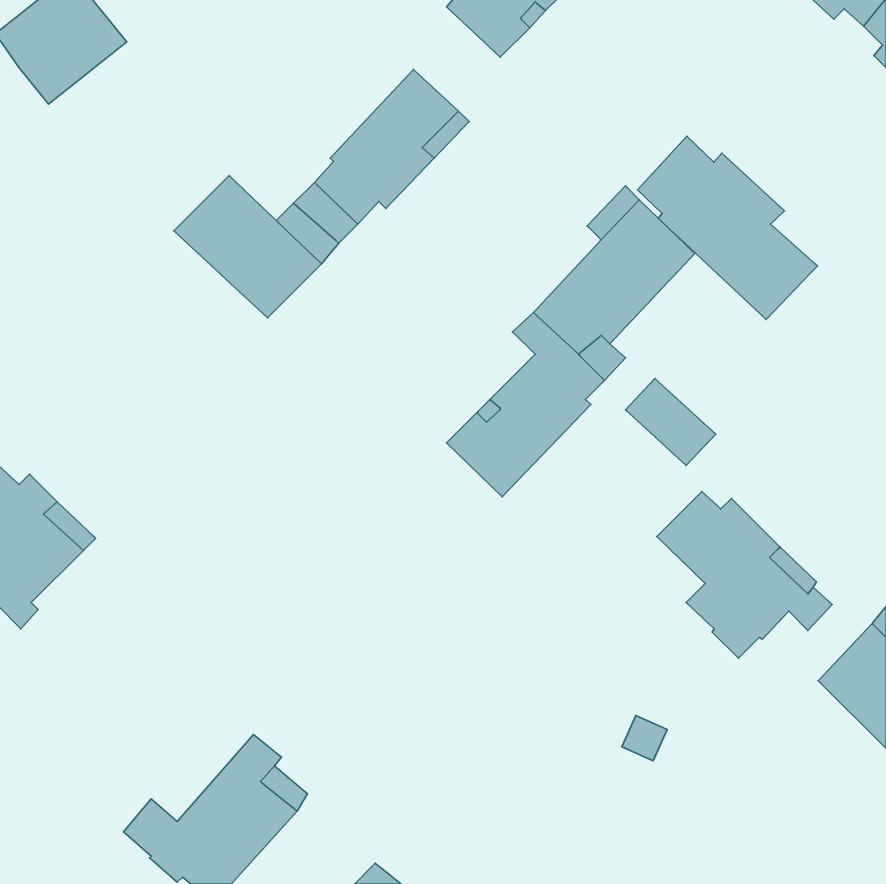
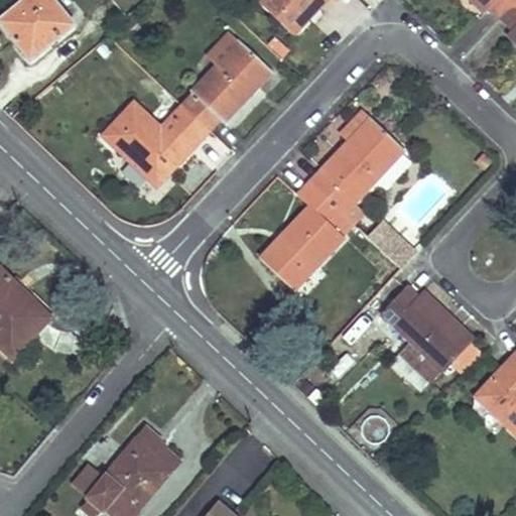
building: [637,136,818,320] -> none

